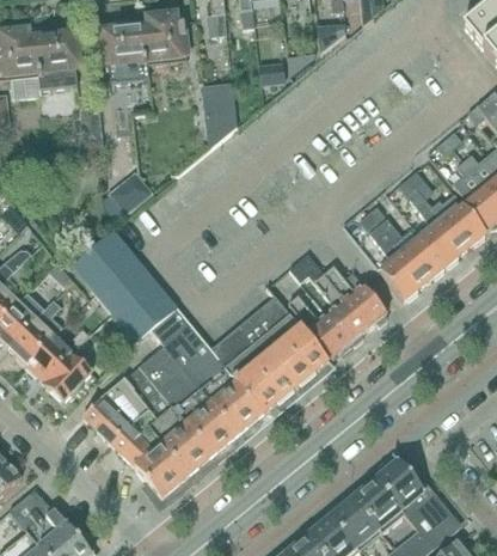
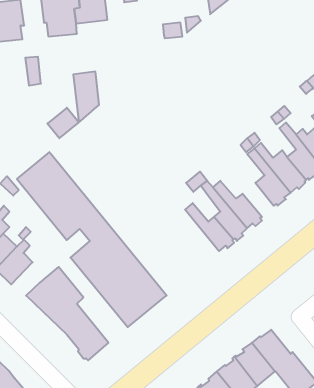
building: [203,81,237,147] -> [73,72,99,123]
building: [210,285,330,415] -> none
building: [125,367,214,476] -> none

